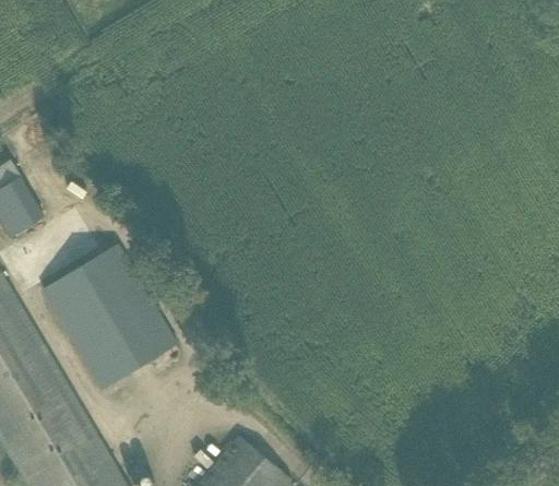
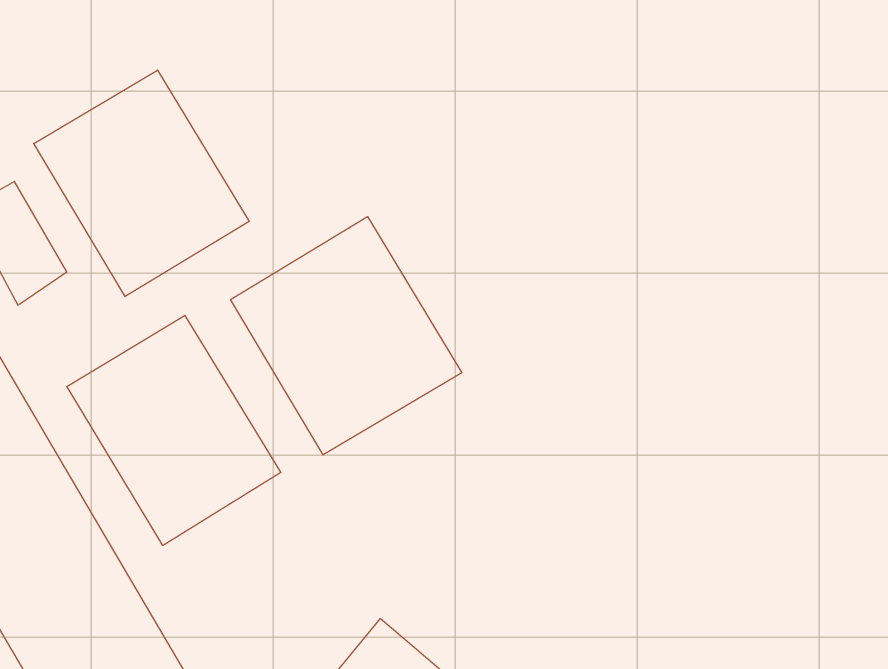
building: none -> [34,70,249,297]
building: none -> [231,217,462,455]

